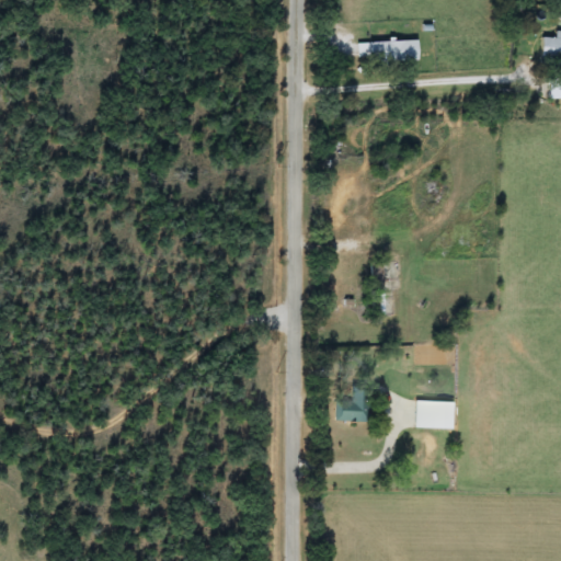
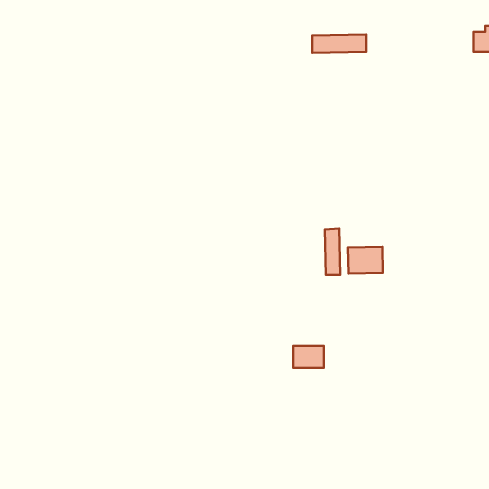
building: none -> [348,247,383,274]
building: [416,400,455,428] -> none

